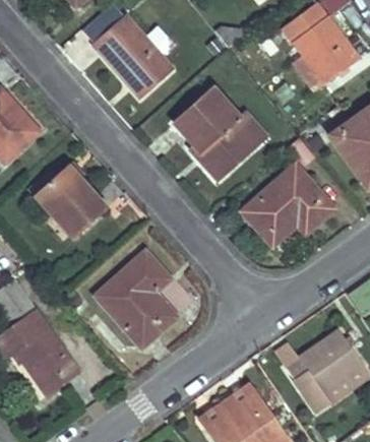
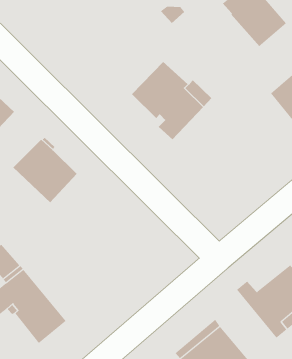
building: [94,16,173,98] -> none
building: [242,166,333,247] -> none
building: [98,253,176,349] -> none

